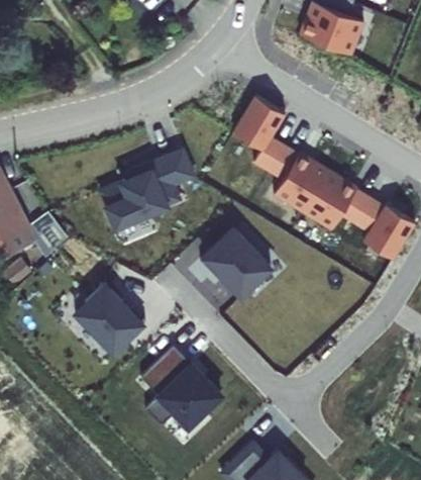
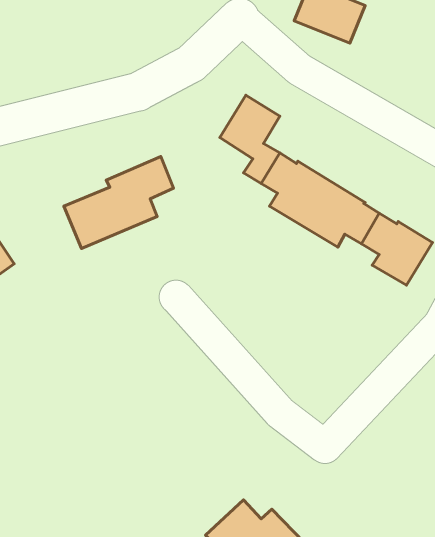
building: [192,227,262,296] -> none
building: [67,283,137,352] -> none
building: [133,345,213,425] -> none

